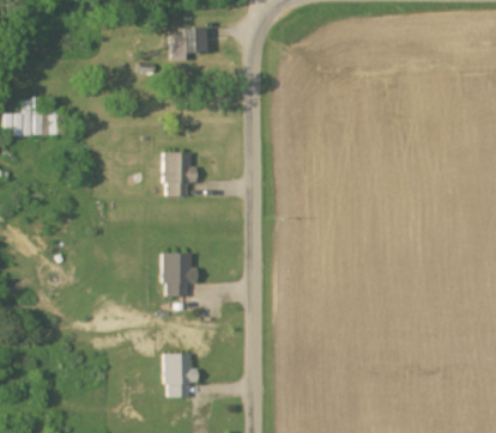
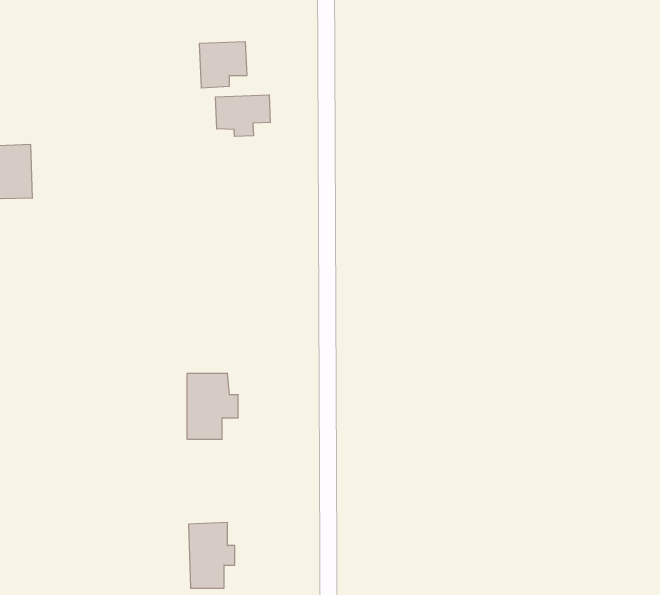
building: none -> [215,95,270,136]
building: [164,152,196,196] -> none

